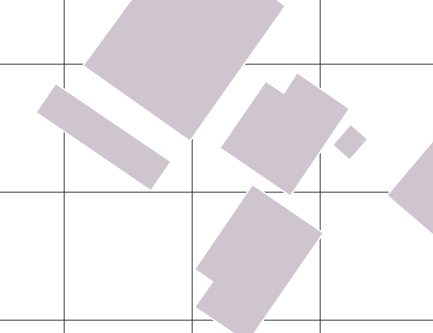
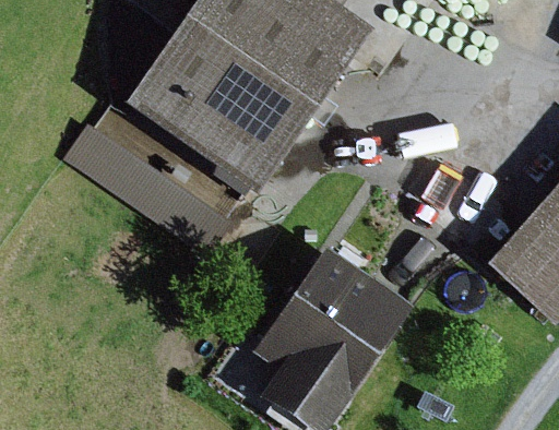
building: [220,73,350,196] -> none

